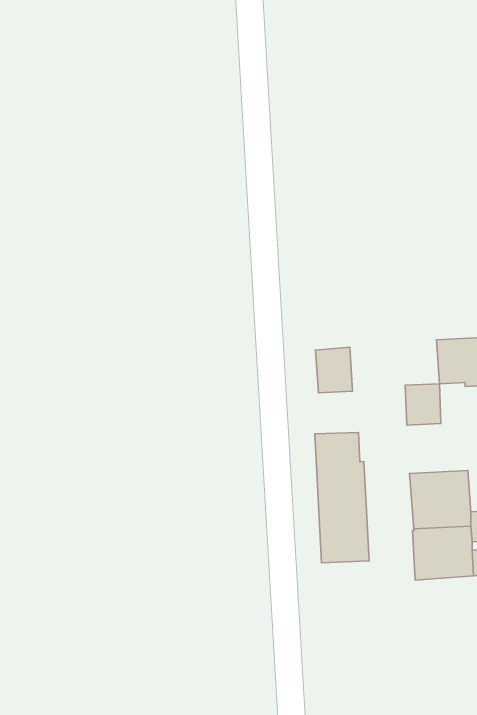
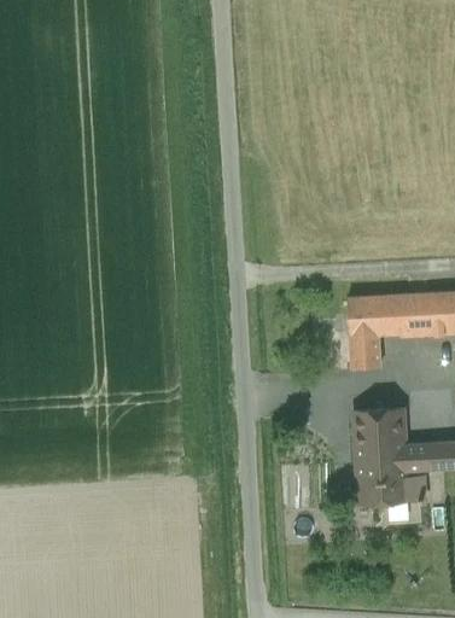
building: [316,347,353,393] -> [348,298,379,337]
building: [315,432,369,563] -> none

